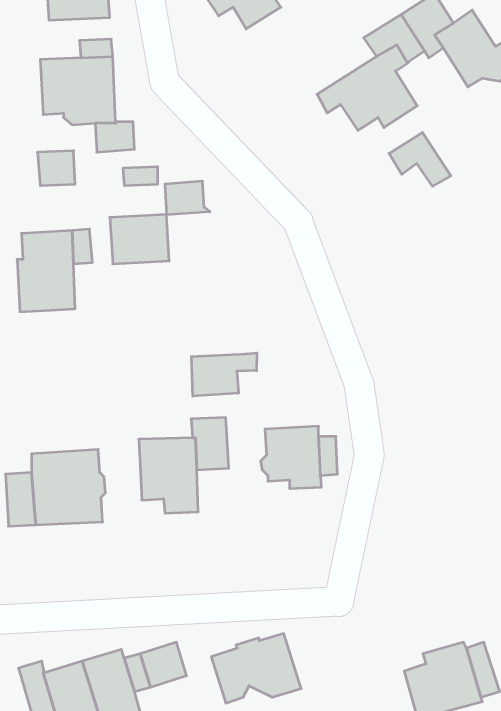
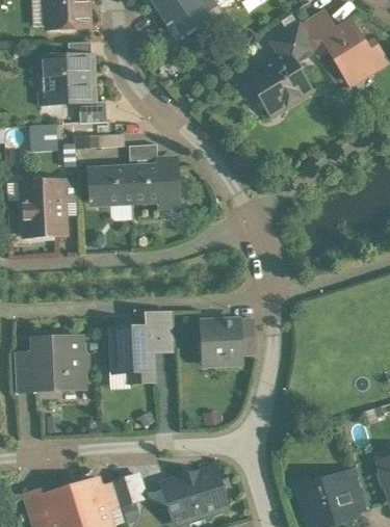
building: [389,132,451,186] -> none
building: none -> [129,166,176,202]
building: [191,353,257,396] -> none

